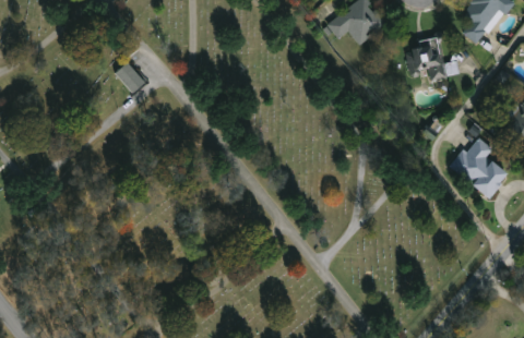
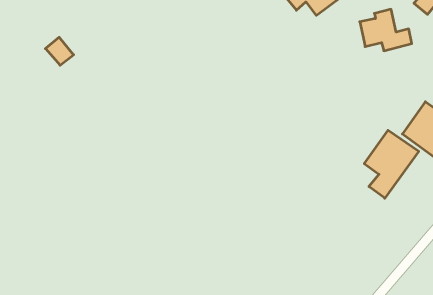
building: [116,62,145,92] -> [45,37,74,65]
building: none -> [364,130,419,198]

